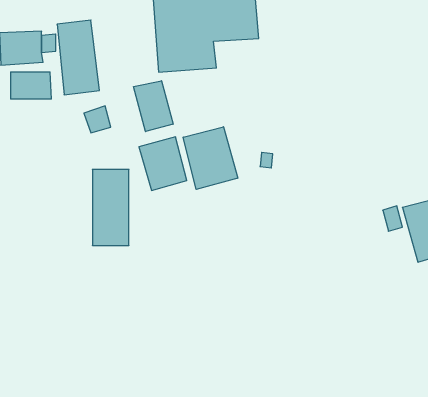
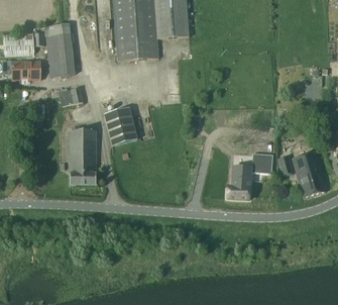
building: [134,81,173,132] -> none
building: [183,127,238,189] -> none
building: none -> [226,154,272,199]

